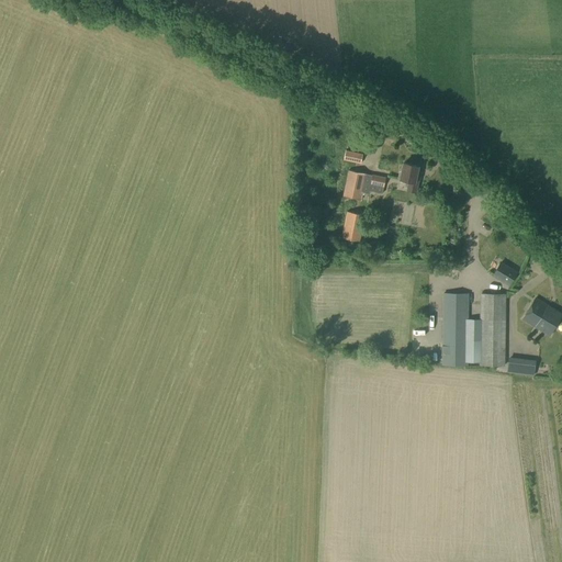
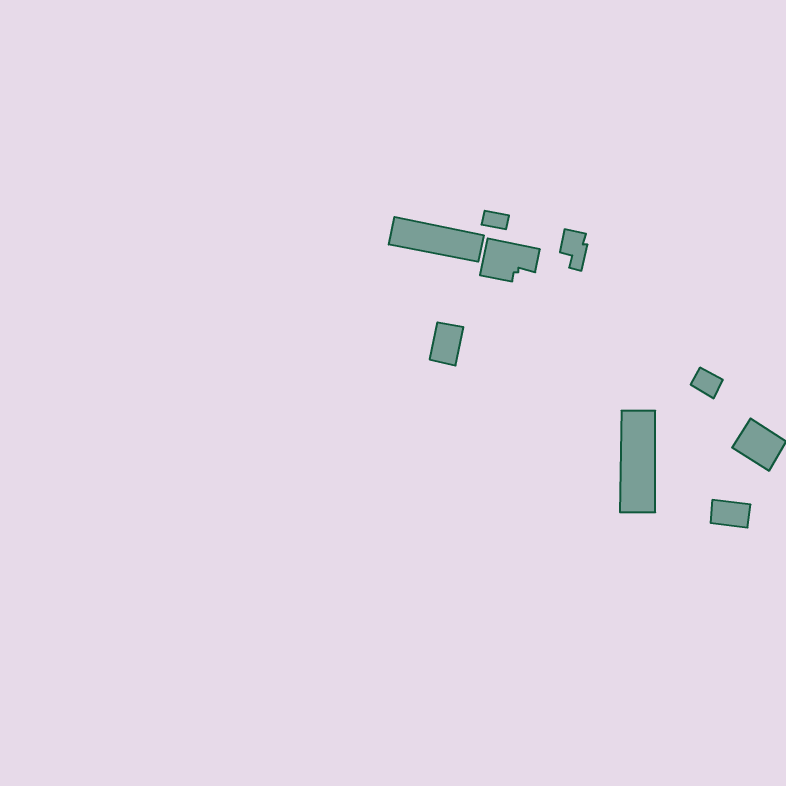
building: none -> [389,217,484,262]
building: [341,211,366,241] -> [430,322,463,366]
building: [480,293,506,366] -> none

